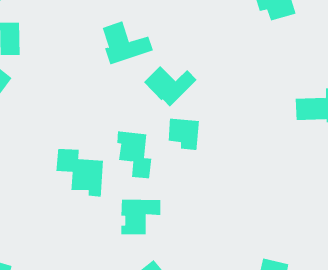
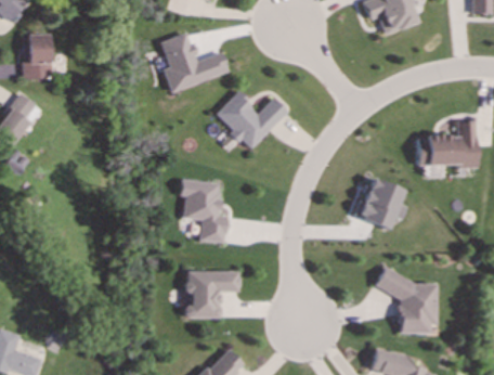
building: [168,118,200,151] -> none
building: none -> [357,177,407,229]
building: [56,148,104,198] -> none
building: none -> [375,267,438,333]

